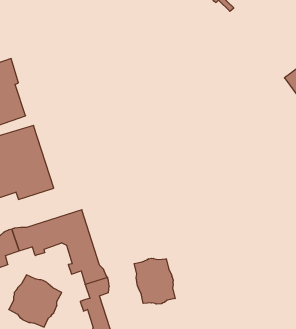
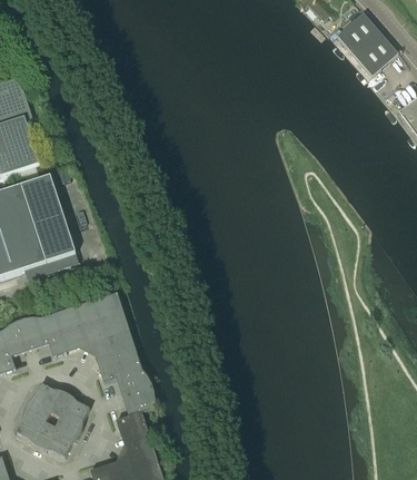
building: none -> [336,11,397,75]
building: [134,258,175,304] -> none

